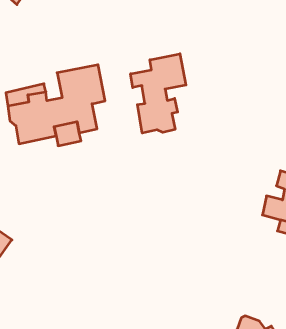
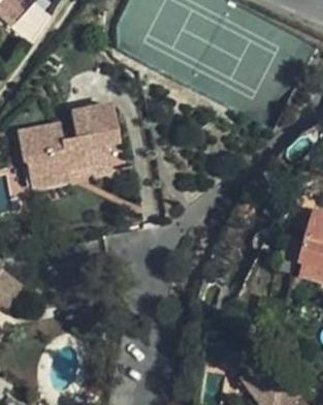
building: [131,54,186,133] -> none

